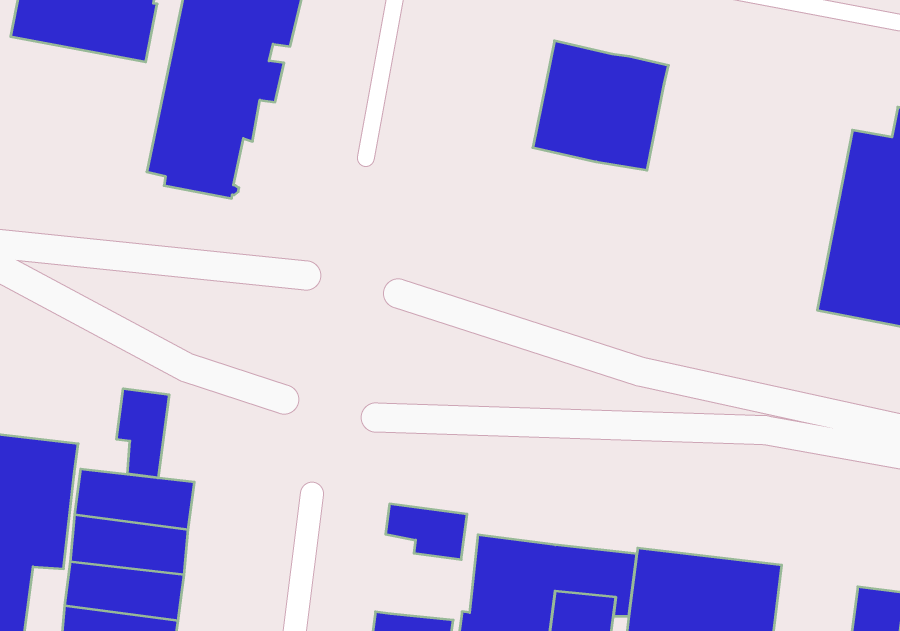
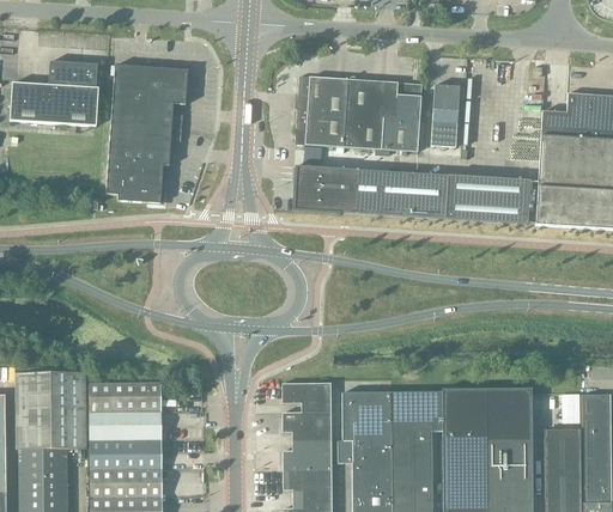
building: none -> [295,75,348,146]
building: none -> [430,84,459,146]
building: none -> [293,165,529,223]
building: [117,389,169,478] -> none
building: none -> [284,408,333,447]

